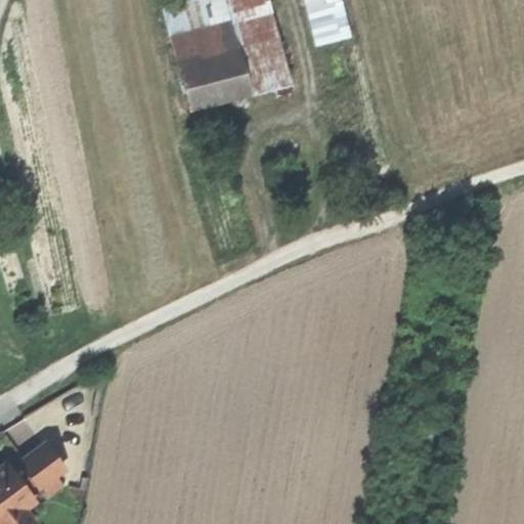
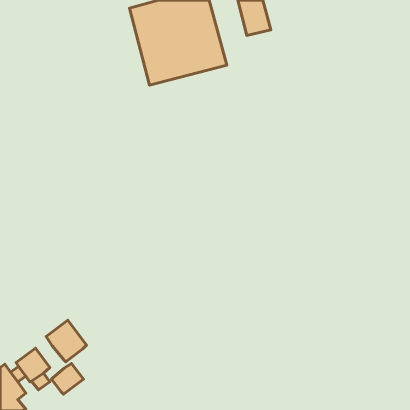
building: none -> [46,320,87,362]
building: none -> [51,363,84,394]

